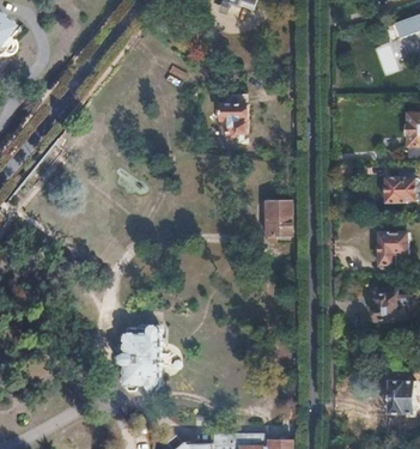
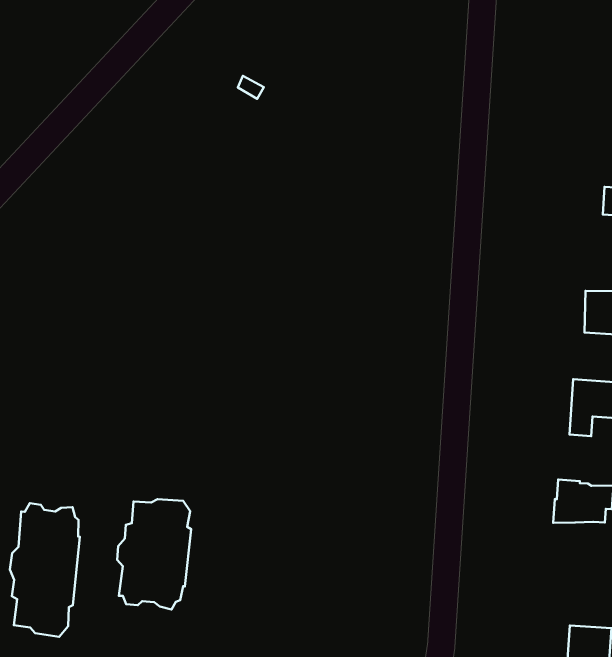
building: [223,93,248,131] -> none
building: [267,201,292,238] -> none
building: none -> [10,503,80,637]

